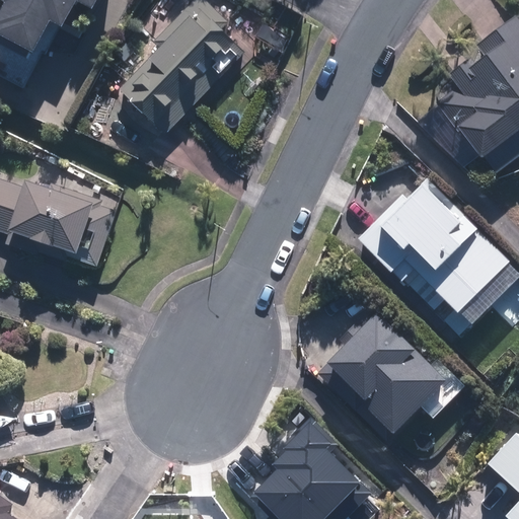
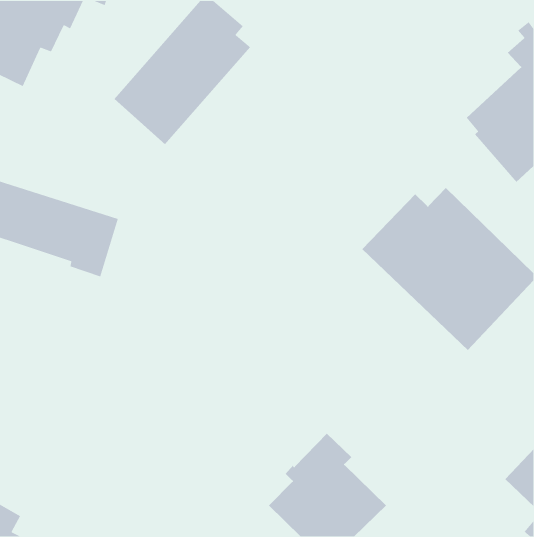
building: [317,310,468,438] -> none

